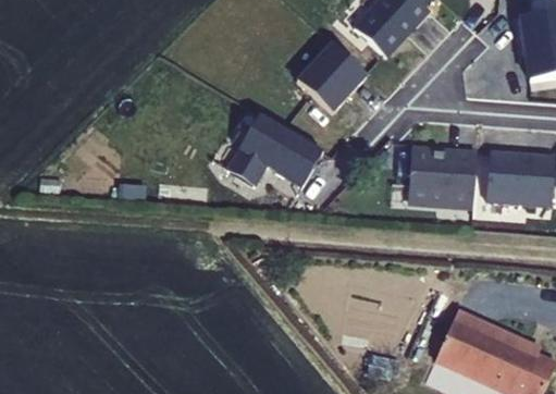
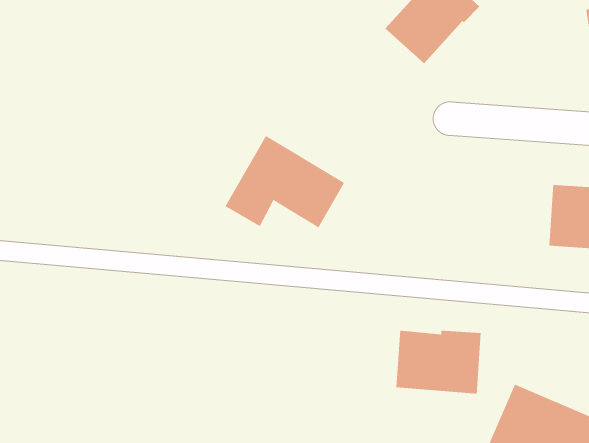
building: [297,42,368,112] -> none
building: [408,150,477,201] -> [396,330,482,394]

